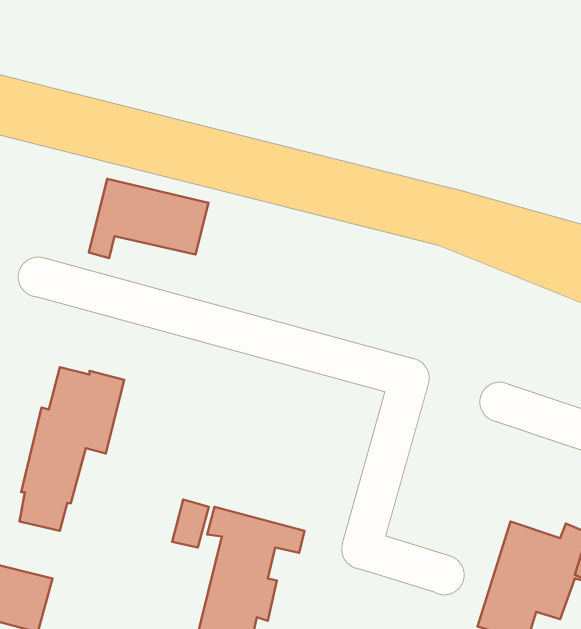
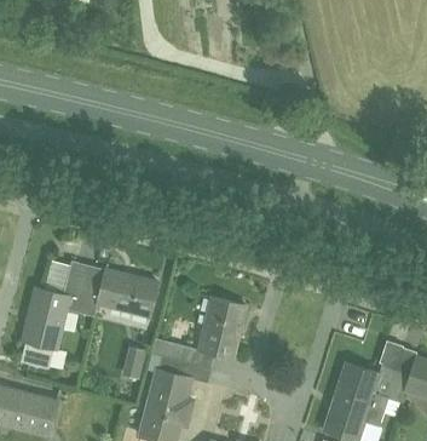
building: [89,179,208,258] -> [80,268,158,320]
building: none -> [151,297,247,367]

